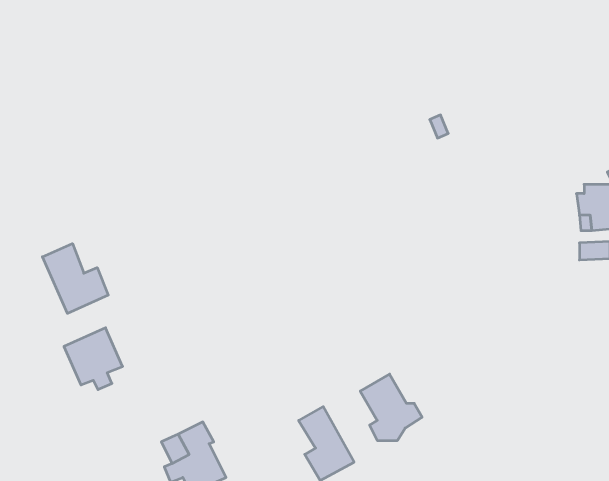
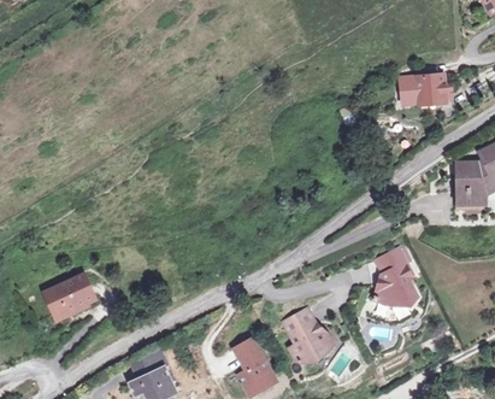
building: none -> [400,76,446,107]
building: [42,244,108,313] -> none
building: none -> [371,250,416,306]

